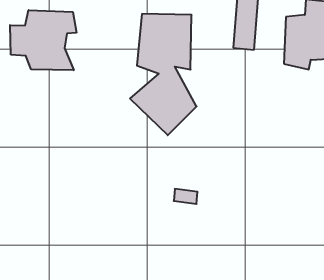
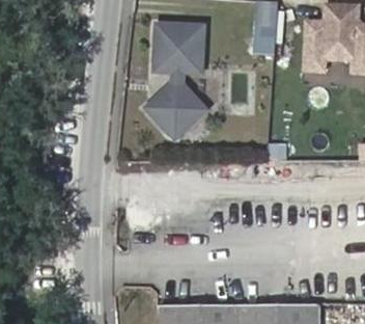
building: [10,10,76,70] -> none

